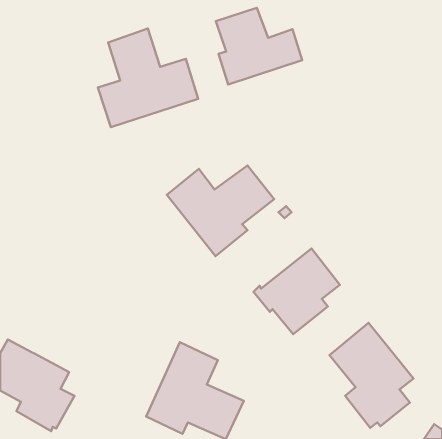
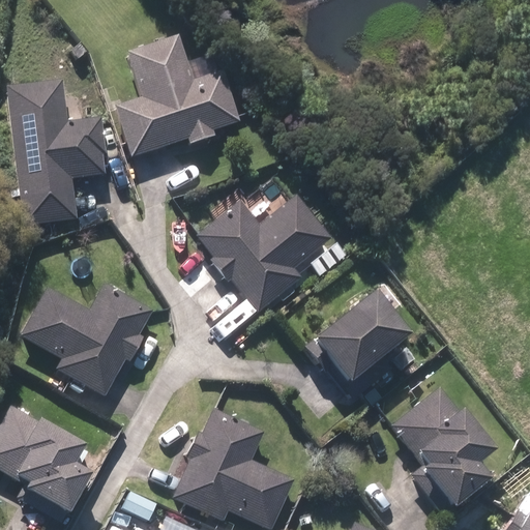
building: [216,8,302,85] -> none
building: none -> [12,81,102,222]
building: none -> [21,287,149,392]

